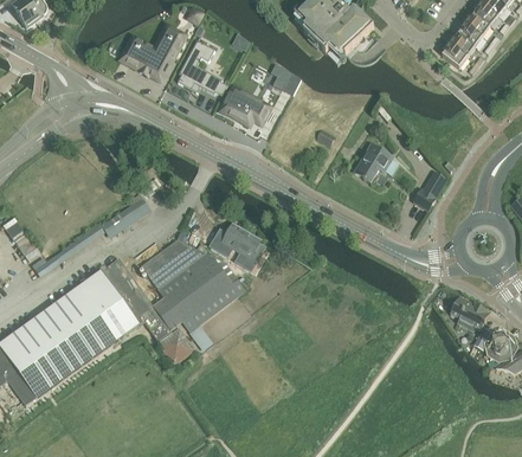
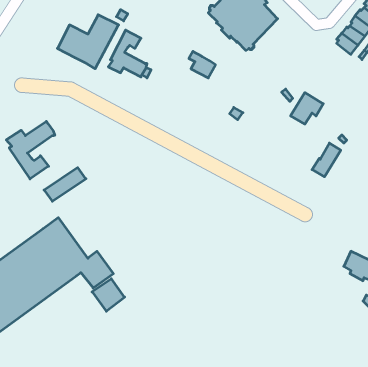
building: [217,83,273,129] -> none
building: [354,144,392,181] -> [291,93,323,124]
building: none -> [6,121,55,179]
building: [221,225,259,260] -> none
building: [140,238,245,332] -> none

